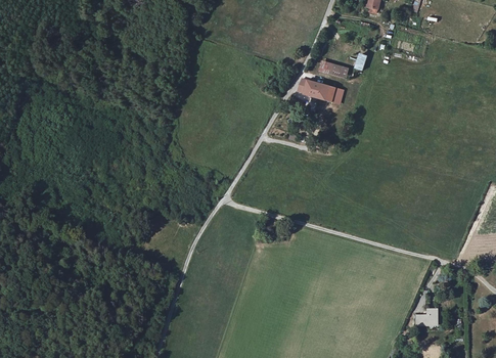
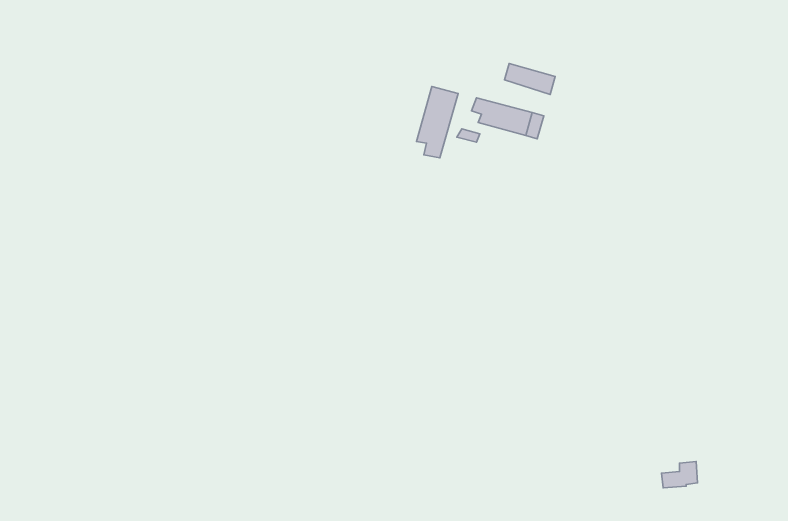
building: none -> [416,86,458,158]

